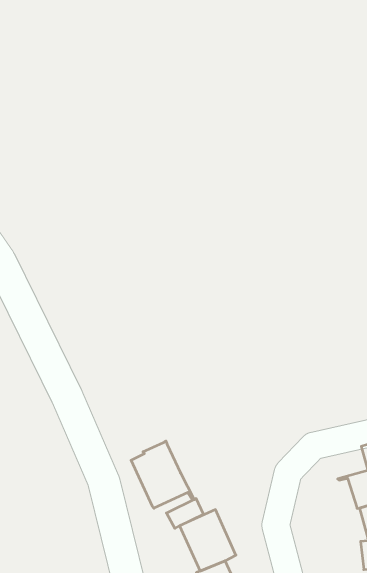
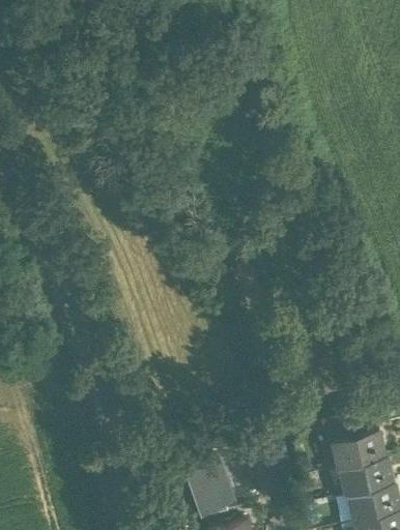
building: [131,441,194,508] -> none

